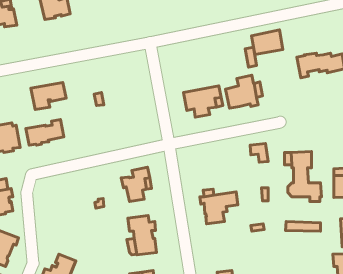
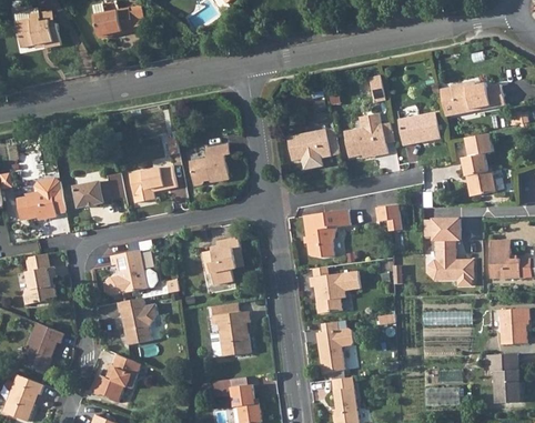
building: [252,30,283,55] -> [397,112,440,145]
building: [31,82,66,110] -> [129,165,176,202]
building: none -> [461,133,495,197]
building: none -> [189,144,230,185]
building: none -> [303,210,350,258]
building: none -> [104,250,157,295]
building: none -> [117,298,158,345]
building: none -> [316,329,353,373]

